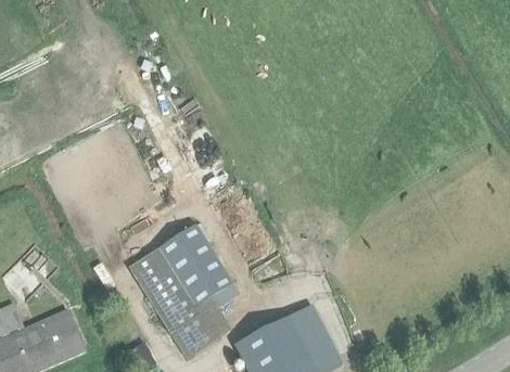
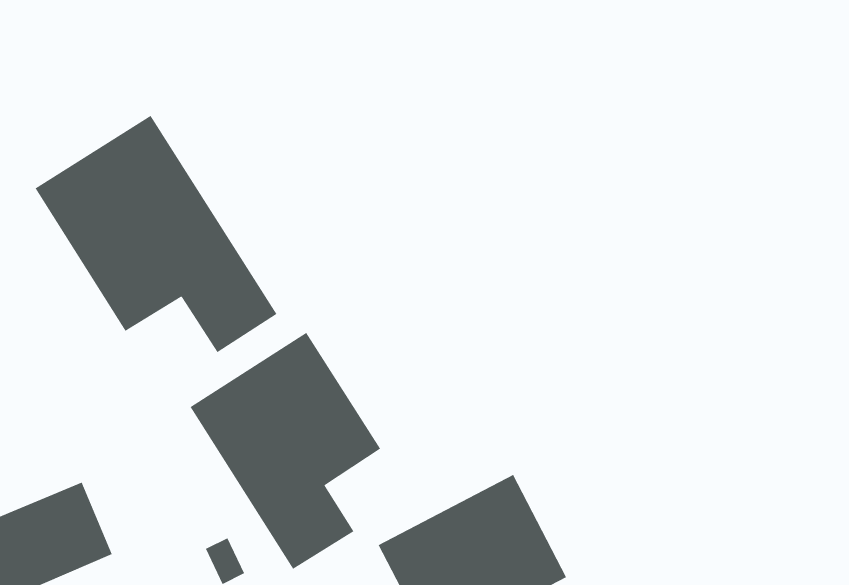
building: none -> [34,115,277,353]

